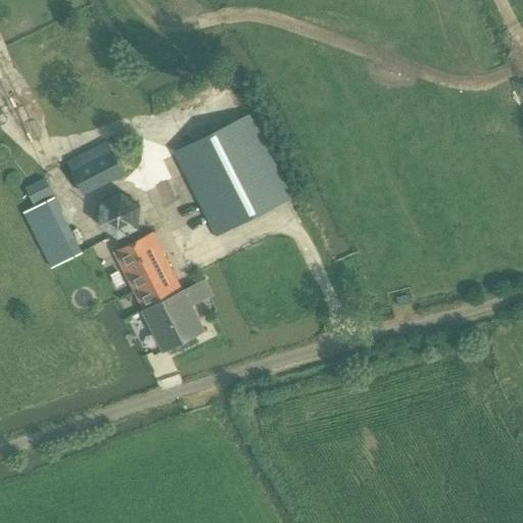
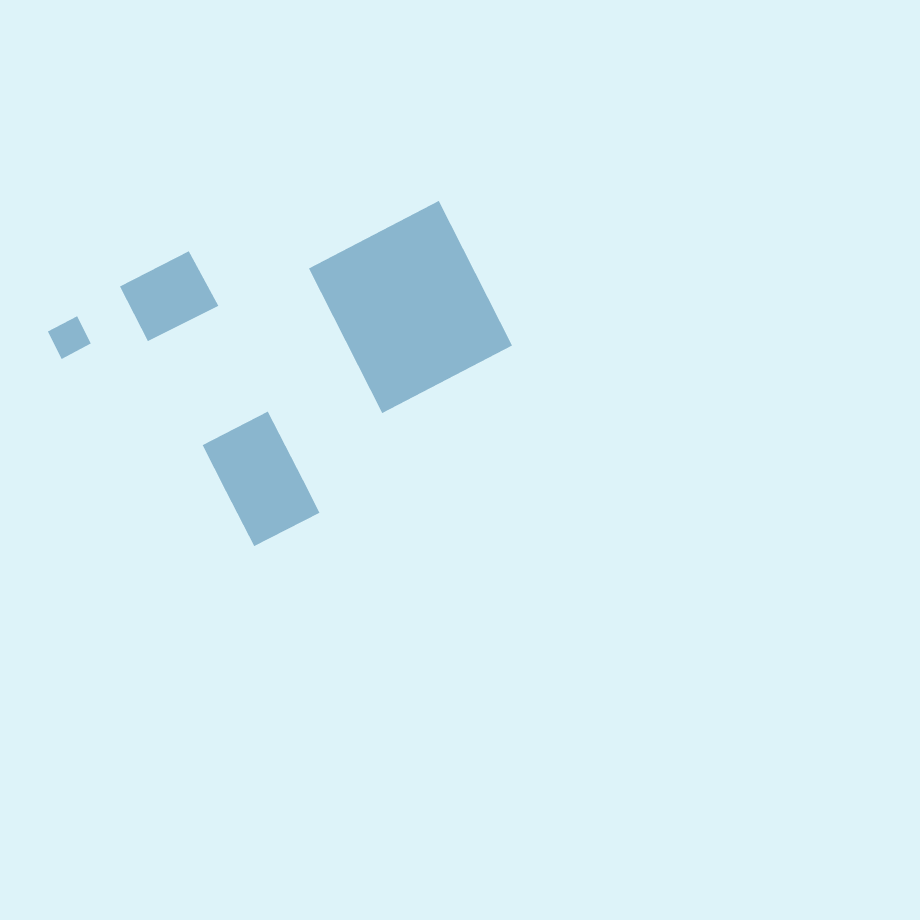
building: [99,192,140,238] -> none
building: [25,198,82,269] -> none
building: [142,280,212,352] -> none

